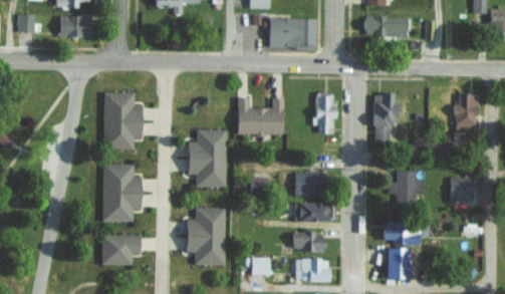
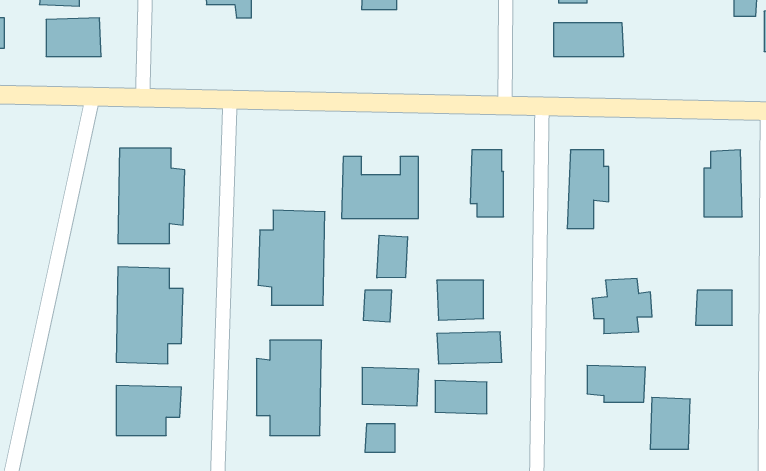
building: [268,18,317,49] -> none
building: none -> [377,235,408,278]
building: [386,248,410,279] -> [650,397,690,449]
building: [295,259,329,282] -> [362,367,419,406]

